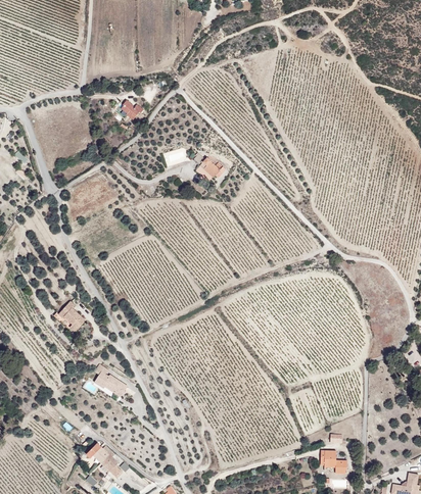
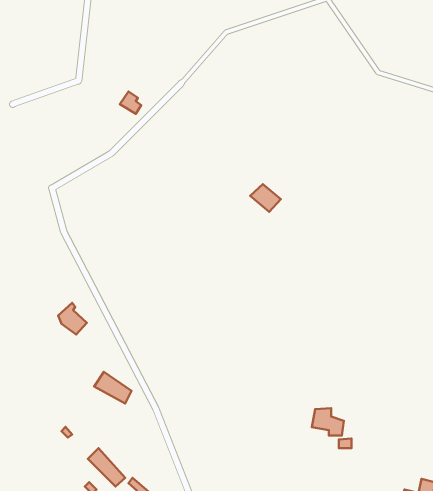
building: [196,156,226,183] -> [250,184,281,212]
building: [318,449,348,476] -> [312,408,344,436]

